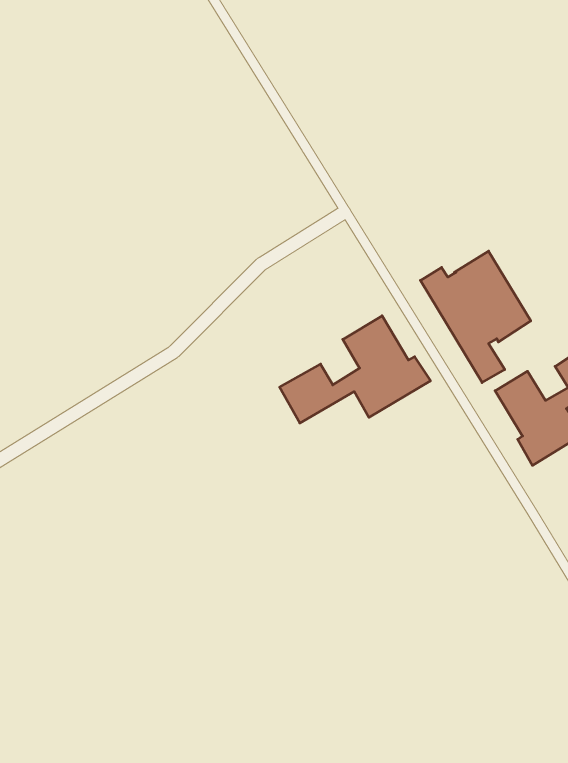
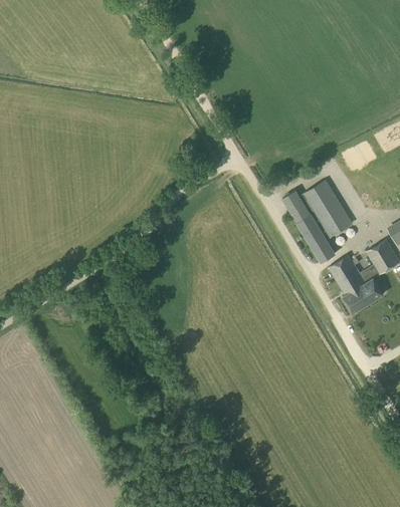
building: [280,316,430,423] -> none

